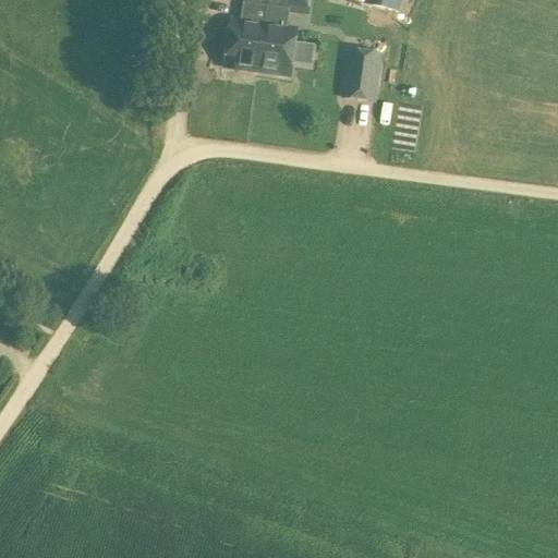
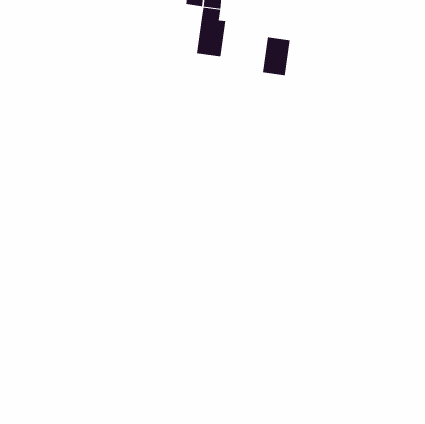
building: [226,19,265,70] -> none

